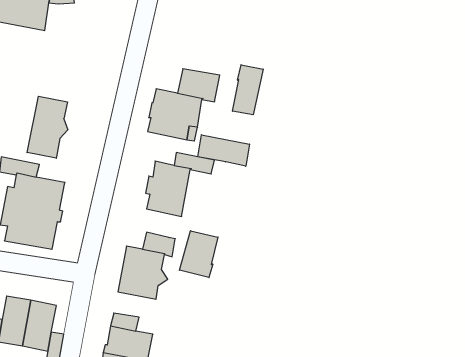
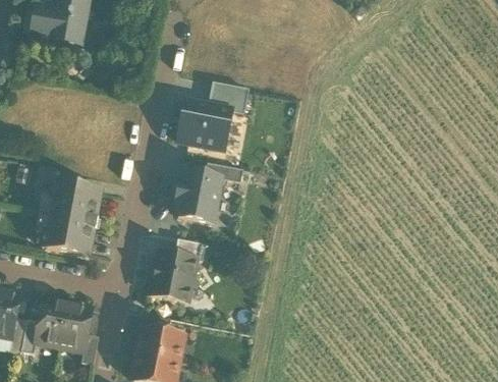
building: [233,65,263,115] -> none
building: [27,96,68,158] -> none
building: [198,135,249,166] -> none
building: [179,231,218,278] -> none

